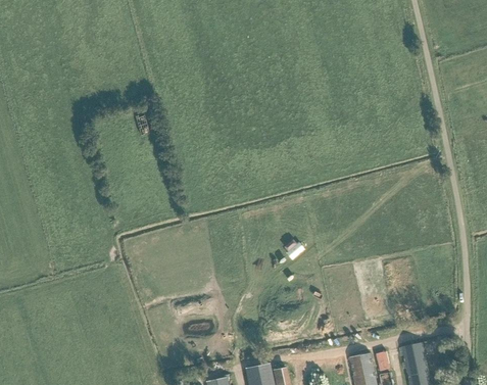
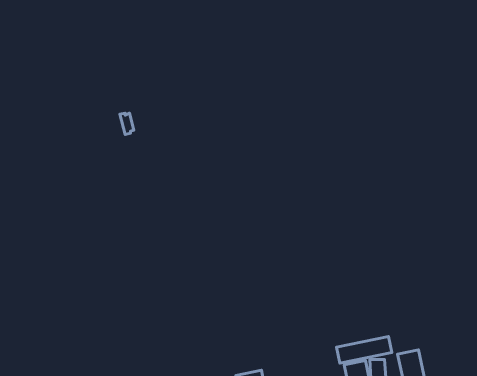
building: none -> [337,337,392,363]

